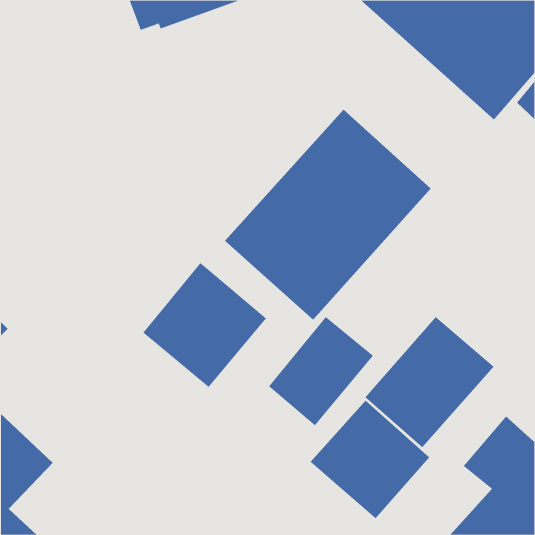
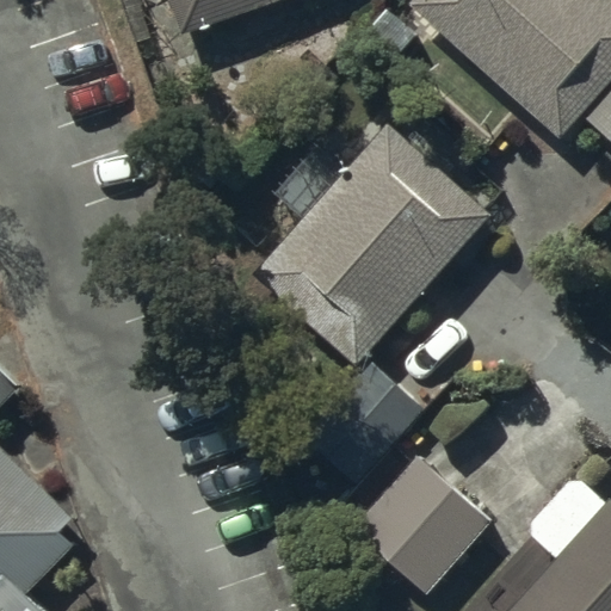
building: [142,262,267,388] -> none
building: [364,316,495,448] -> none

